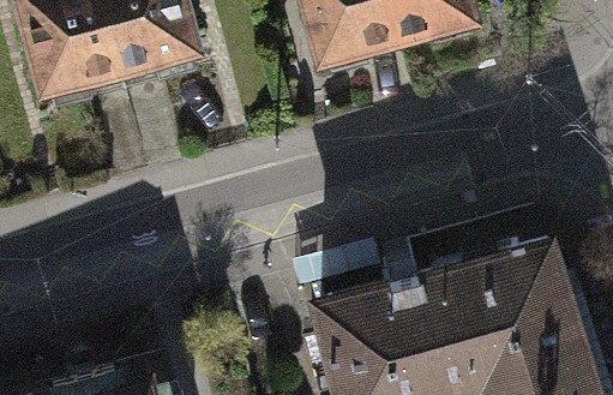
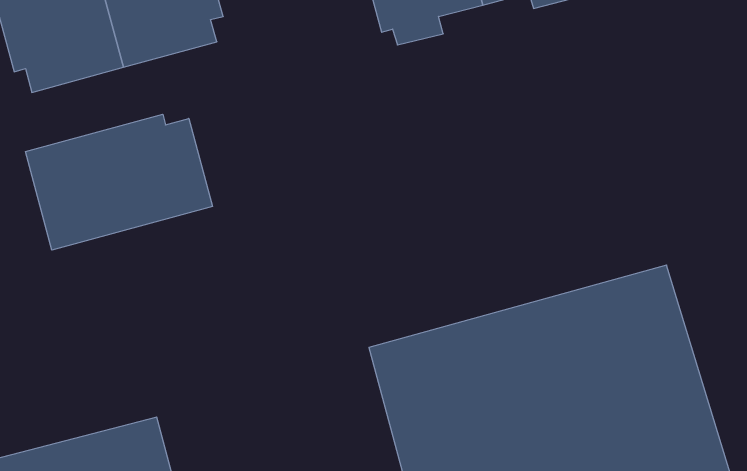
building: none -> [26,114,212,250]

